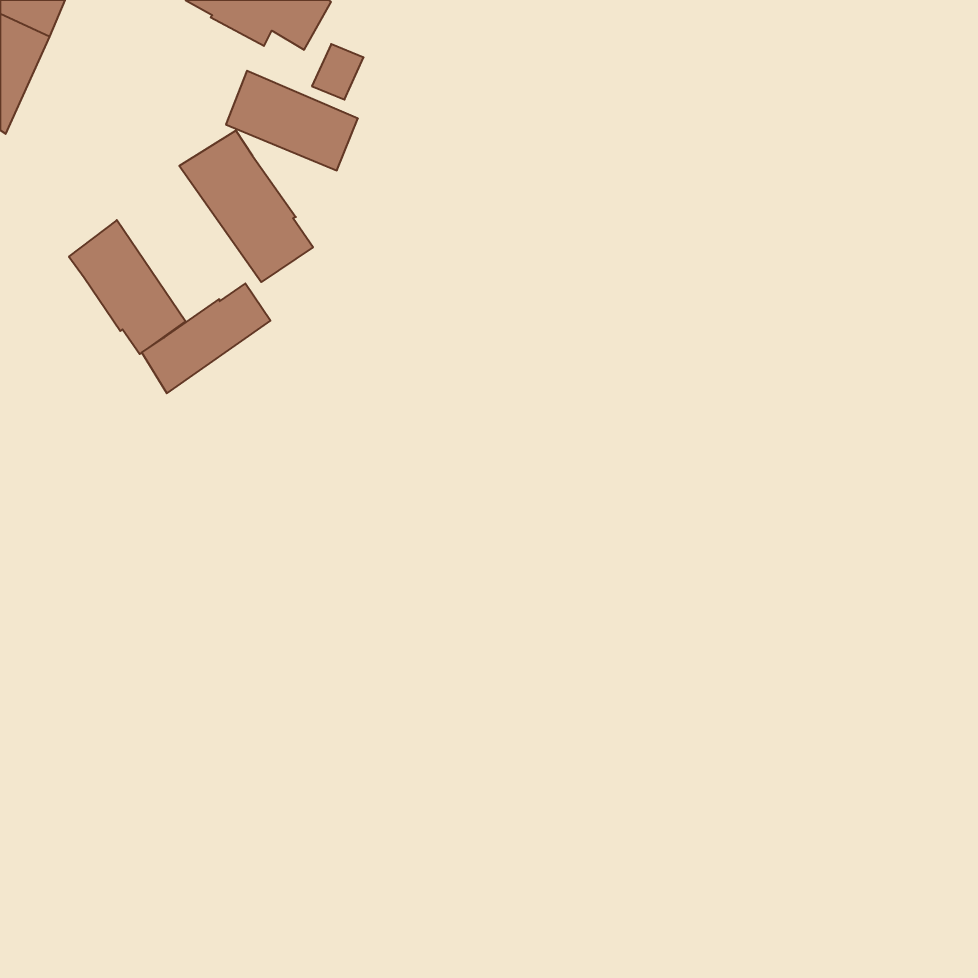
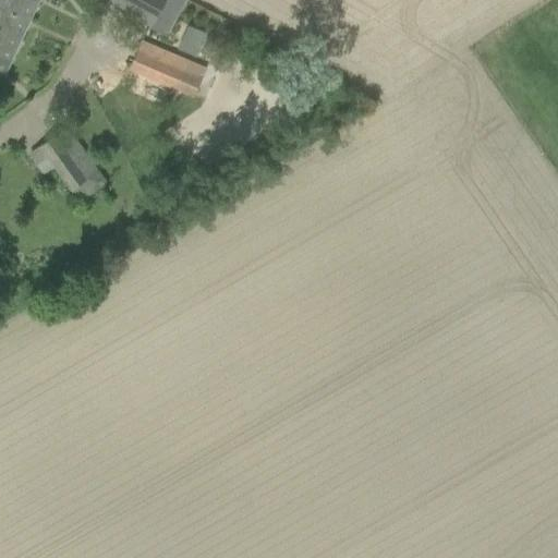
building: [179,130,313,282] -> none
building: [142,283,270,393] -> none

